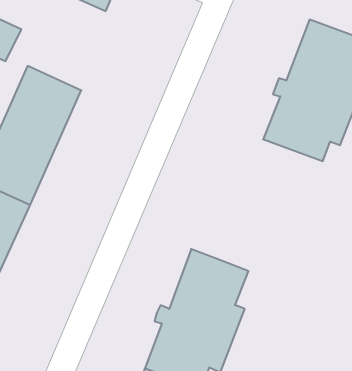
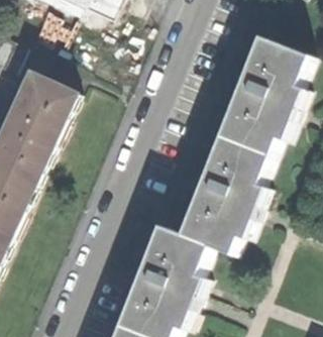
building: none -> [181,135,268,253]

